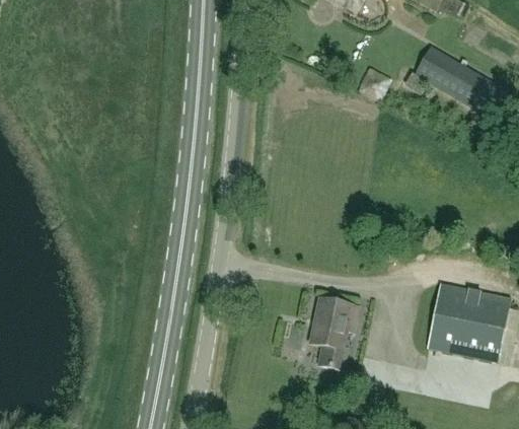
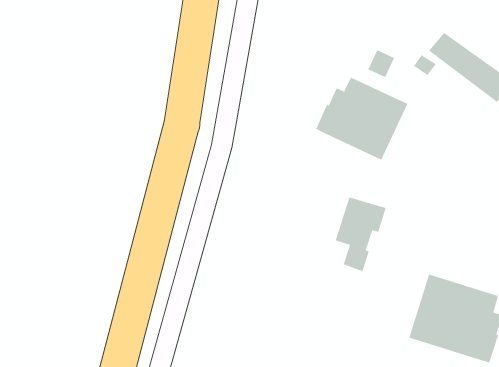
building: none -> [315,77,408,161]
building: [310,298,357,369] -> [335,197,387,272]

